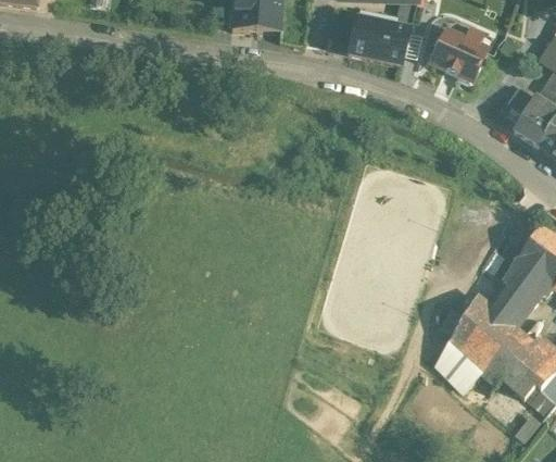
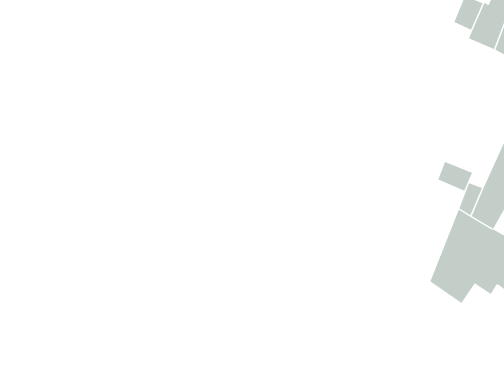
building: none -> [438,161,473,192]

